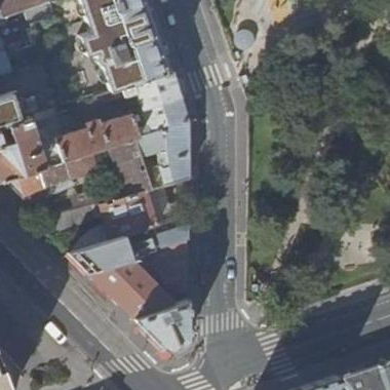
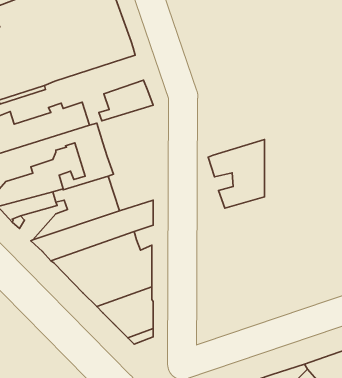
building: [94,72,182,110] -> none
building: [135,121,191,189] -> [208,139,264,208]

